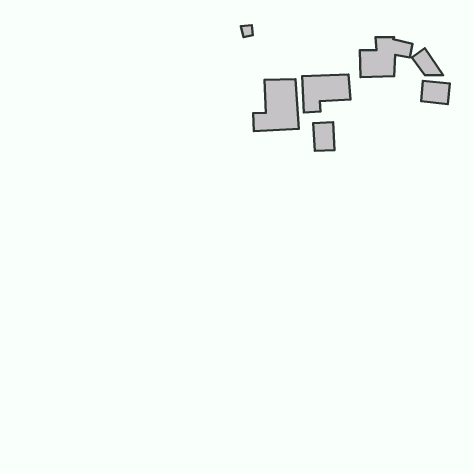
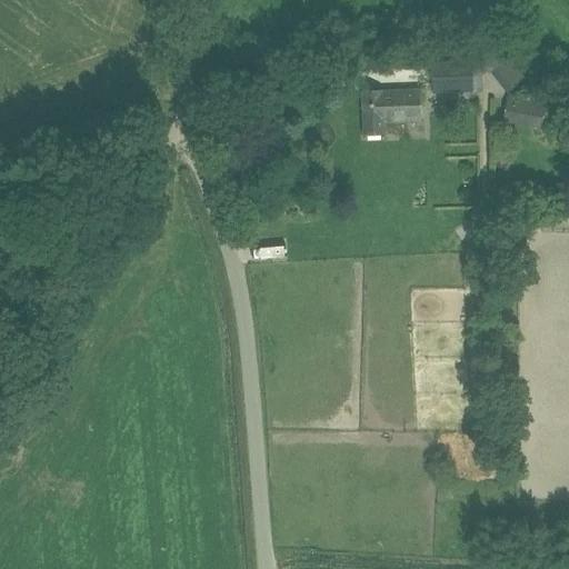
building: [253,79,299,131] -> none
building: [313,122,335,151] -> none

